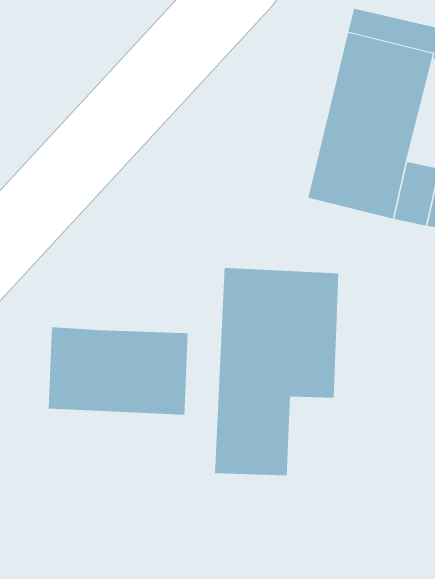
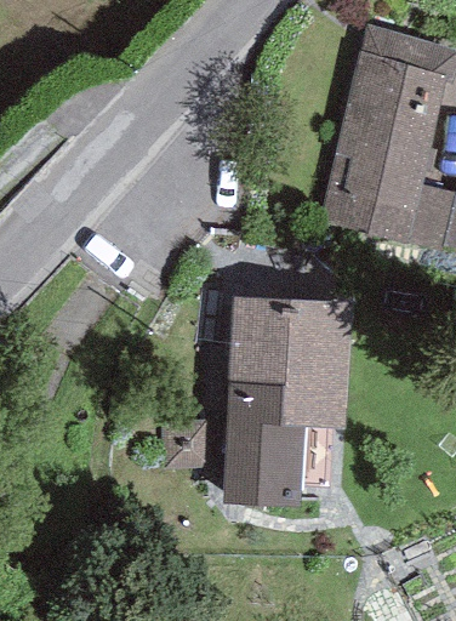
building: [48,326,188,416] -> none

